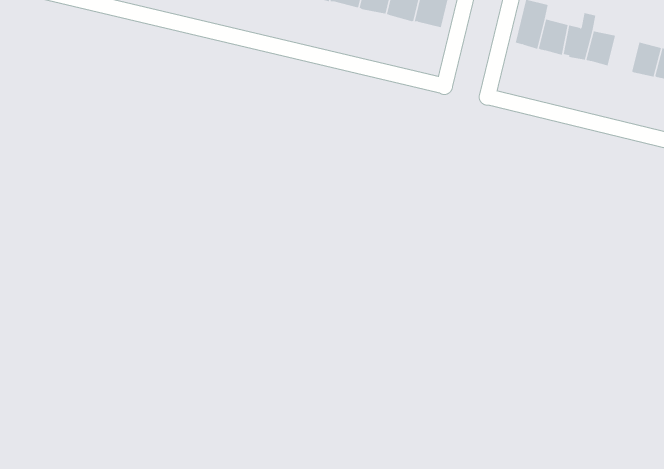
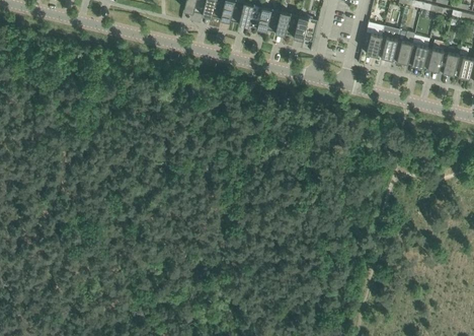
building: none -> [422,41,445,71]

